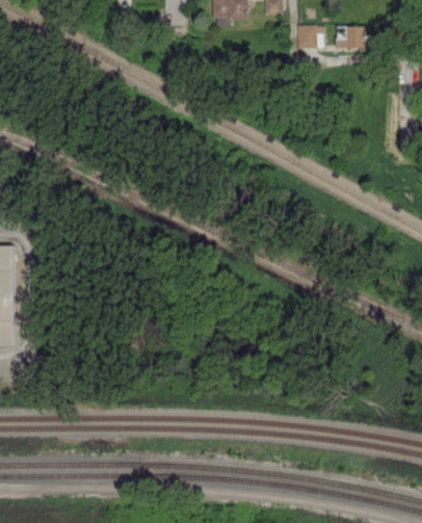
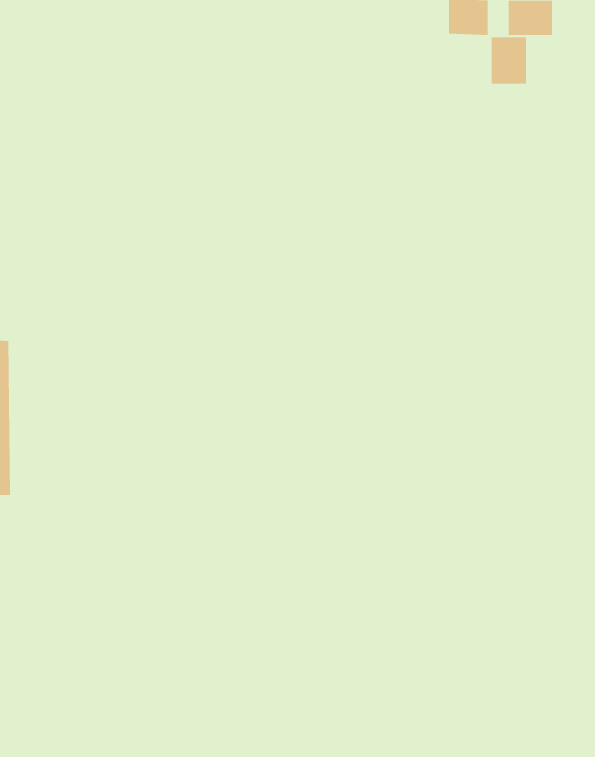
building: none -> [491,37,527,84]

